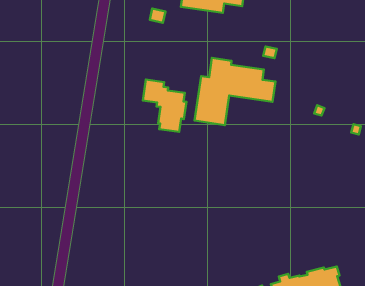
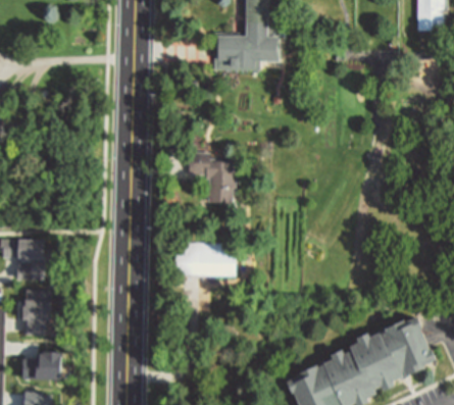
building: [195,58,275,125] -> none
building: none -> [175,241,235,275]

